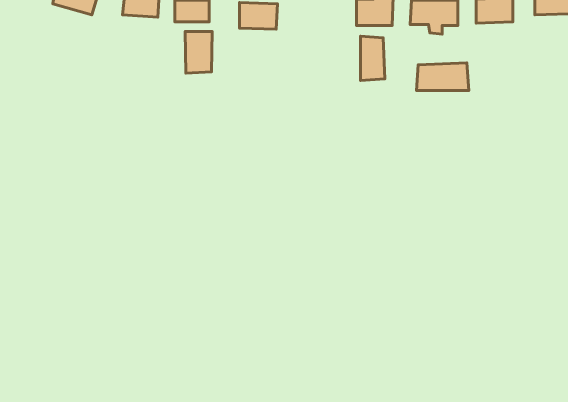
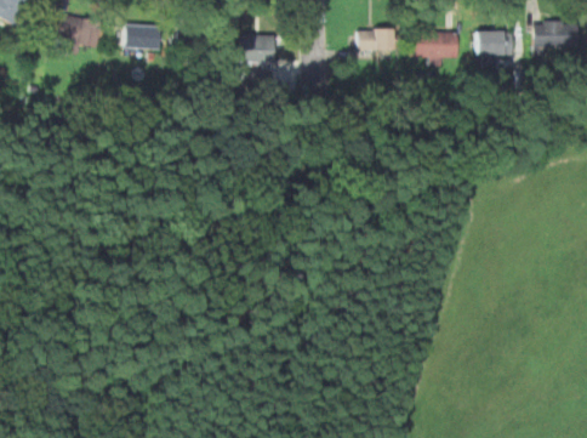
building: [185,32,212,73] -> none
building: [361,36,385,81] -> none
building: [416,63,469,91] -> none

